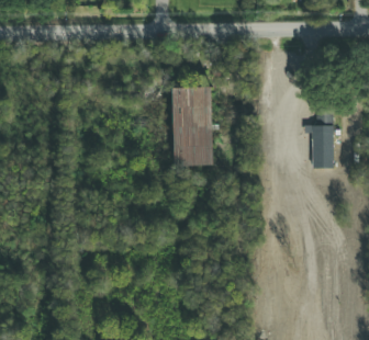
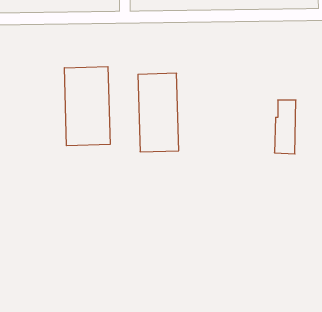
building: none -> [64,67,110,146]

